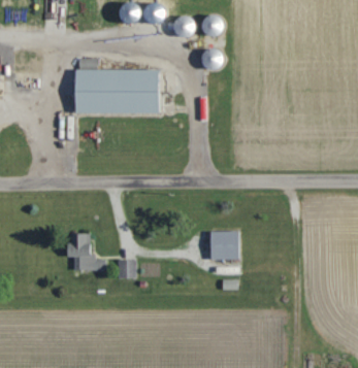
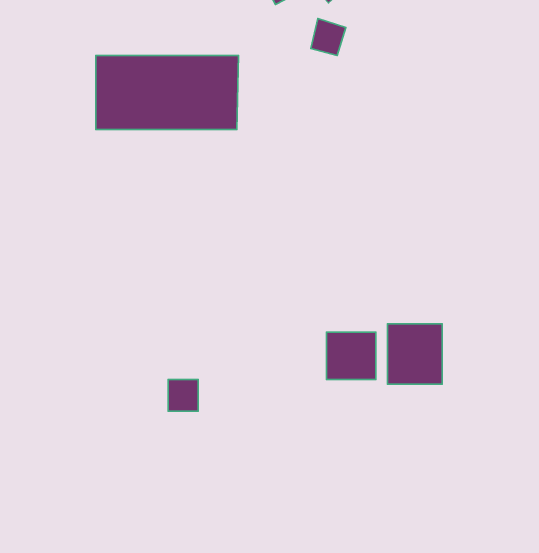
building: none -> [388,324,442,384]
building: [68,233,105,270] -> none

